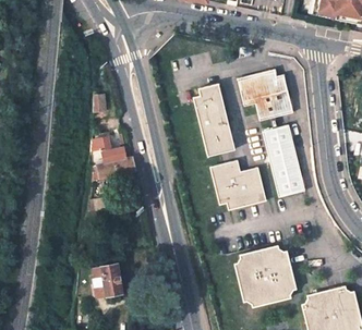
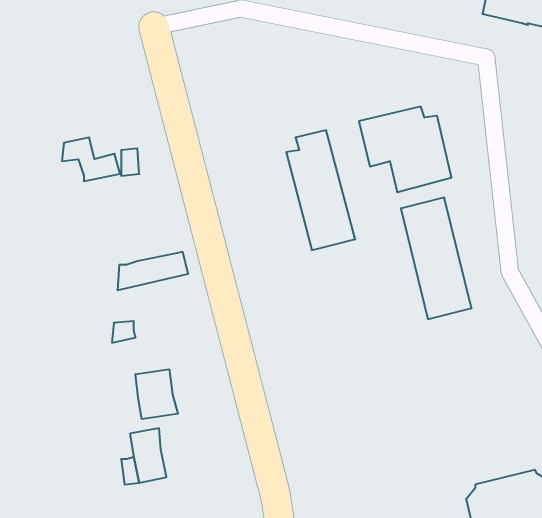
building: [92,136,126,162] -> [62,137,120,181]
building: [212,160,266,208] -> none
building: none -> [136,369,178,419]
building: [236,245,295,306] -> none

